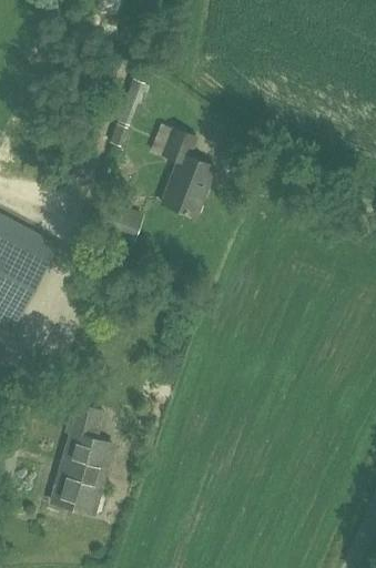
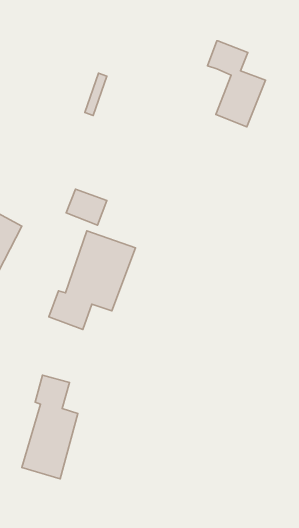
building: [152,124,214,216] -> [207,41,266,127]
building: none -> [49,231,136,329]

